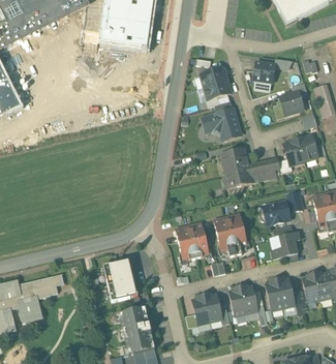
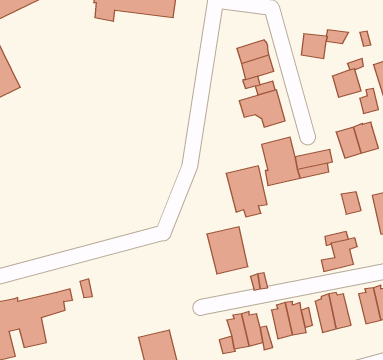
building: [263,201,289,223] -> none
building: [213,213,247,255] -> [226,166,267,217]
building: [102,257,138,300] -> none

